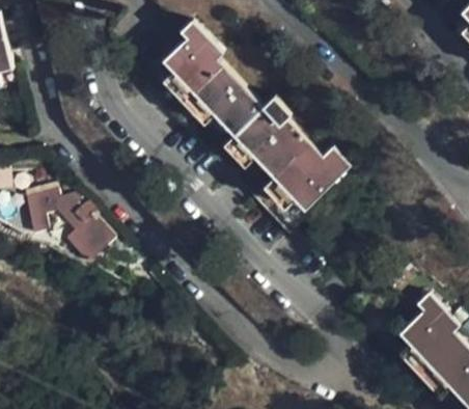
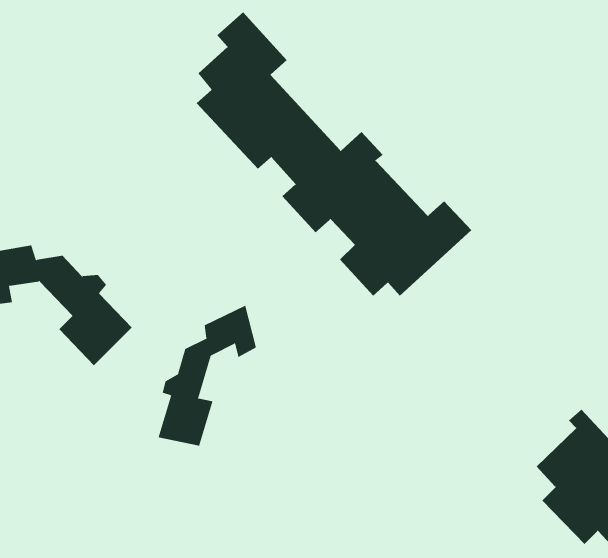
building: none -> [158,305,257,446]

